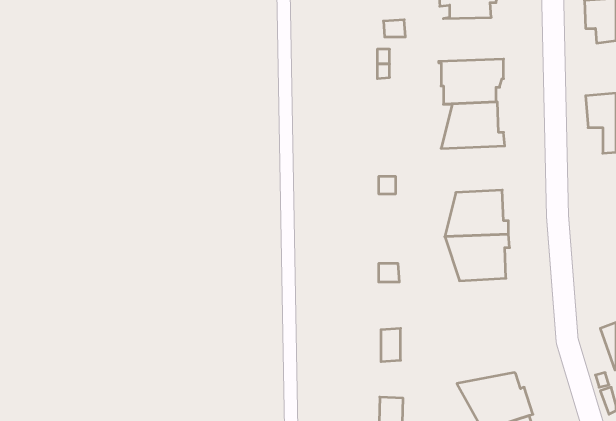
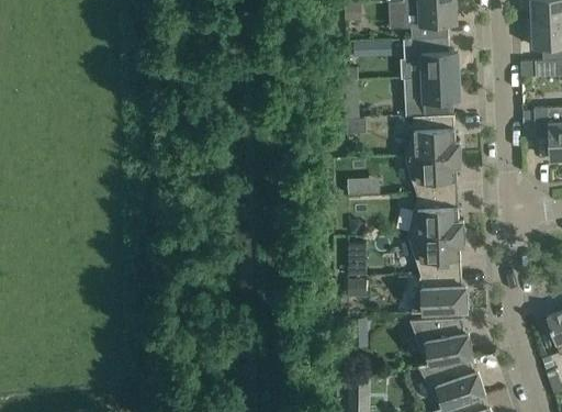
building: none -> [401,38,460,78]
building: none -> [404,154,461,196]
building: none -> [412,272,468,313]
building: none -> [409,318,473,367]

